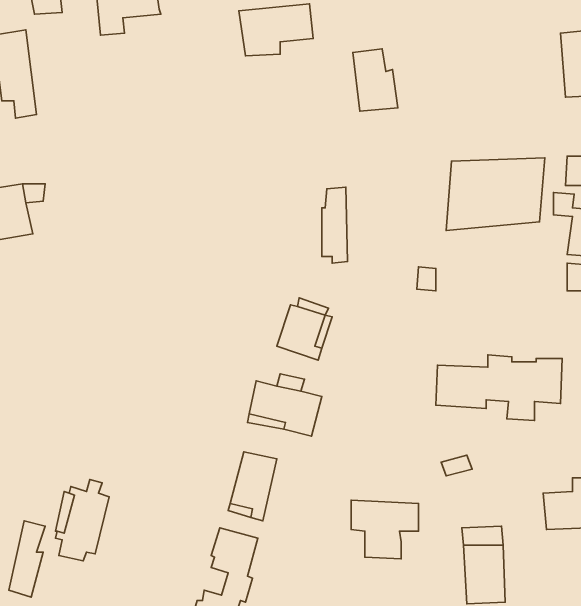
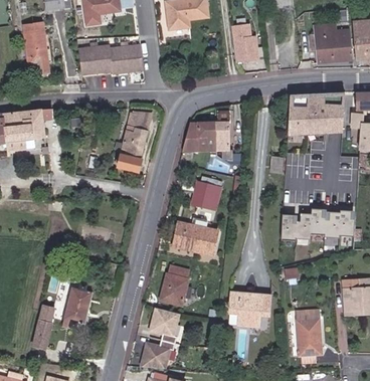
building: none -> [314,23,353,62]
building: none -> [79,48,145,77]
building: none -> [119,115,152,173]
building: none -> [183,123,215,152]

